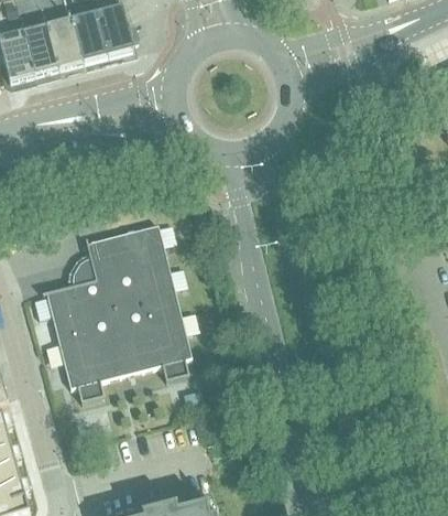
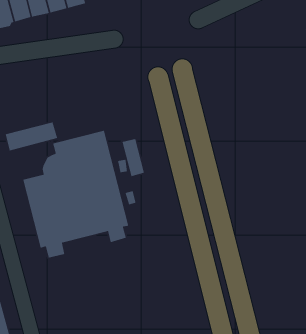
building: none -> [5,122,58,151]
building: none -> [122,138,145,177]

